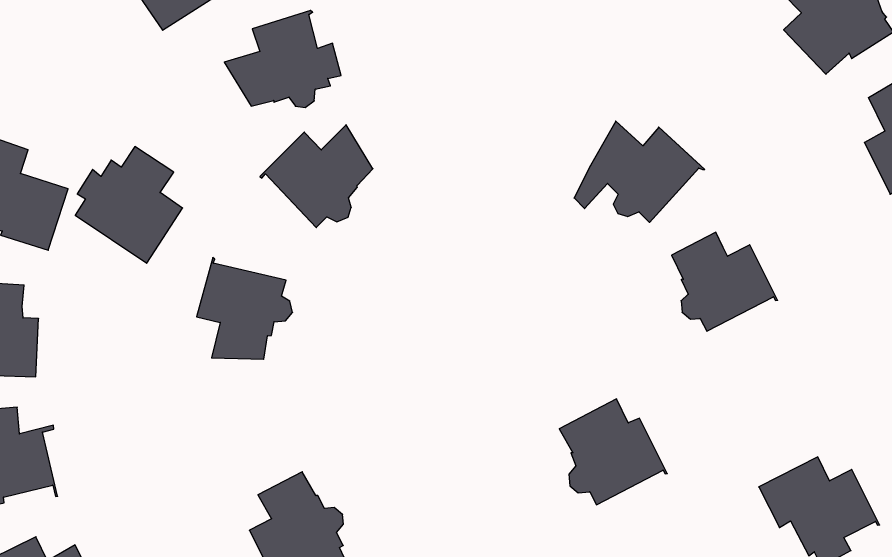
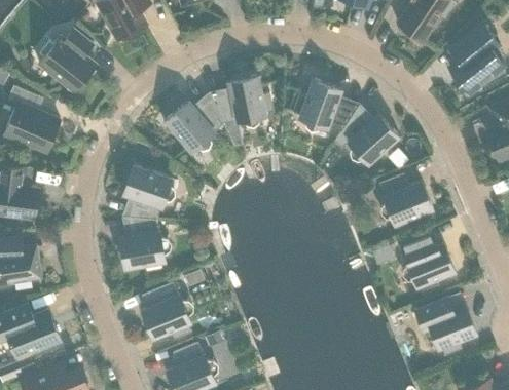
building: [224,10,341,107] -> [211,75,272,126]
building: none -> [292,79,355,131]
building: [75,147,183,263] -> [38,30,96,92]
building: none -> [119,217,170,271]
building: [559,399,667,505] -> [400,232,456,287]

